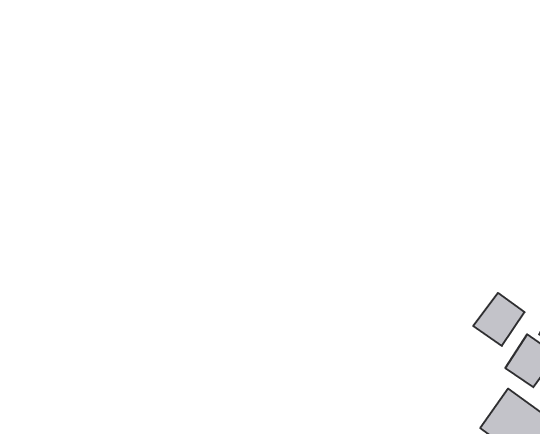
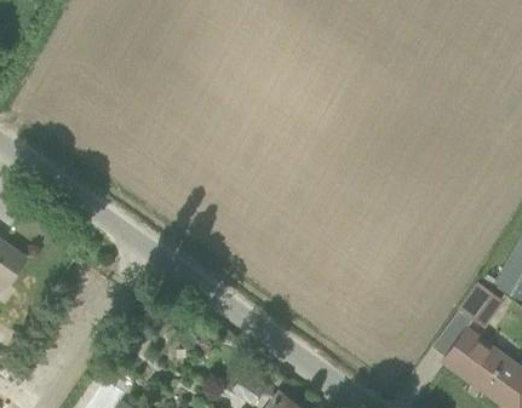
building: [473,293,525,346] -> none

